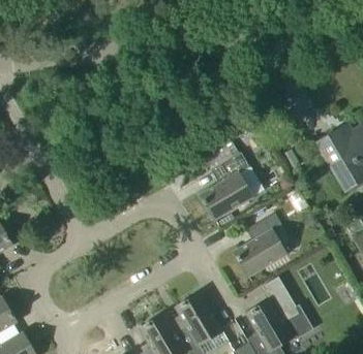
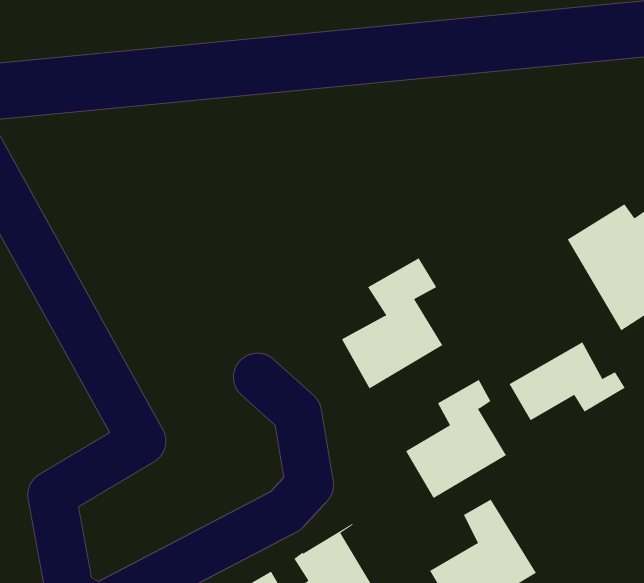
building: none -> [509,342,626,421]

